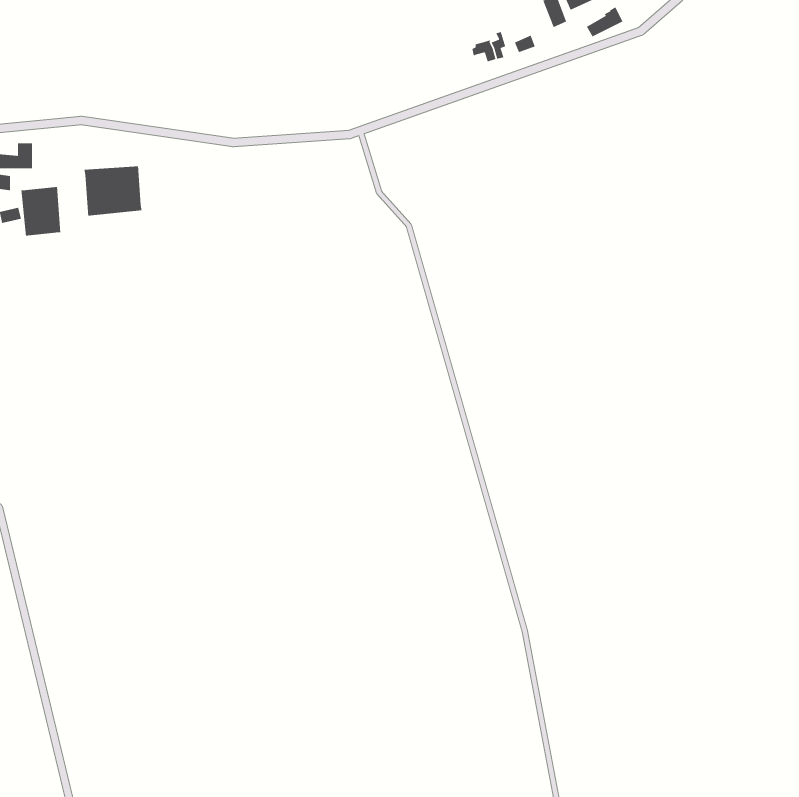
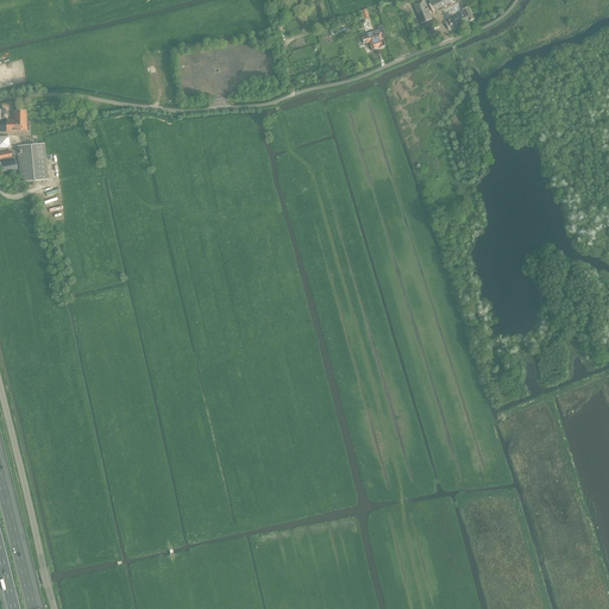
building: [83,166,142,217] -> none

